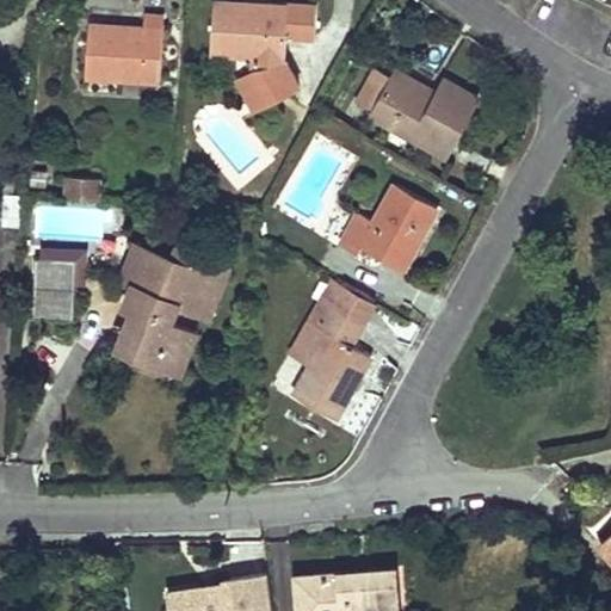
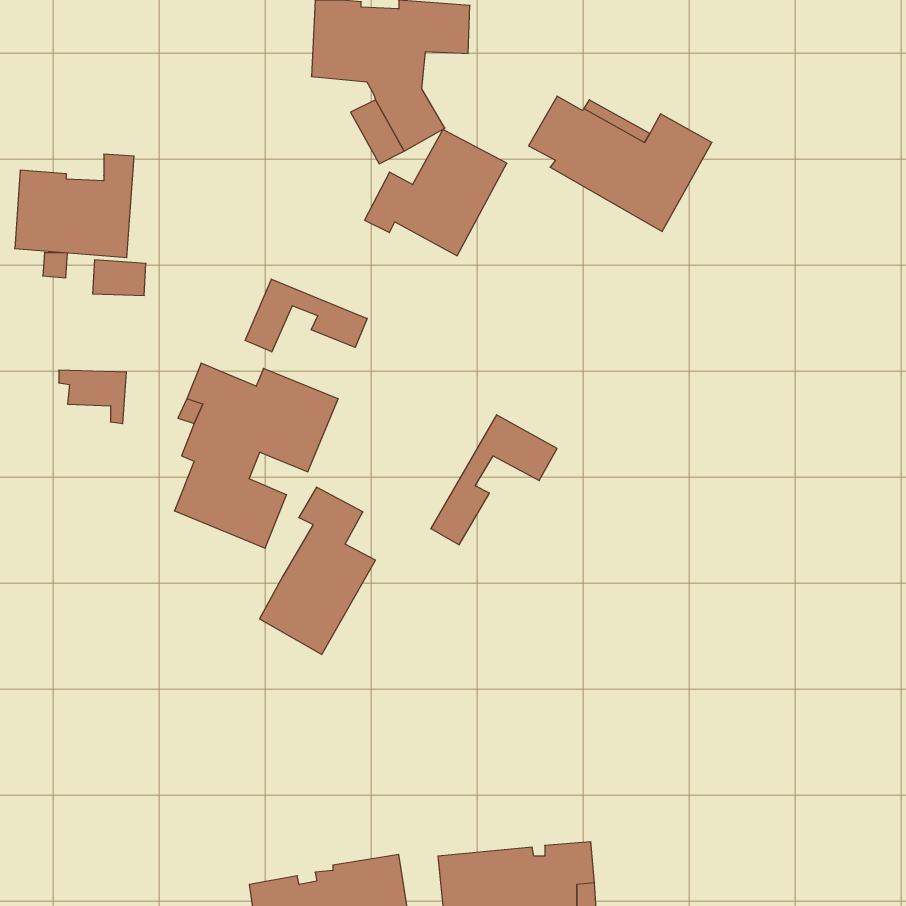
building: [84,16,163,85] -> [15,154,134,257]
building: [340,185,436,270] -> [365,129,507,256]
building: none -> [245,279,367,352]
building: [32,259,74,319] -> none
building: [292,308,370,420] -> [260,487,375,654]

